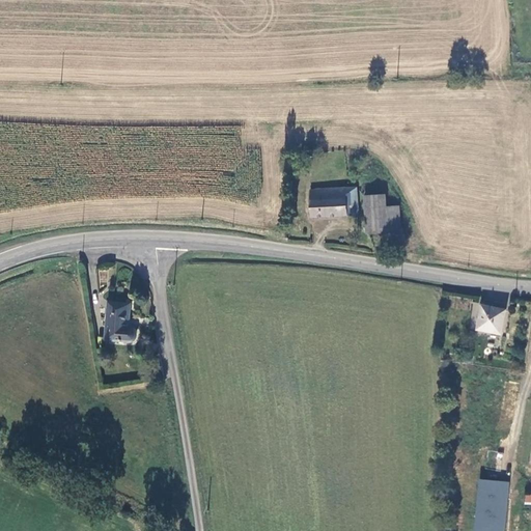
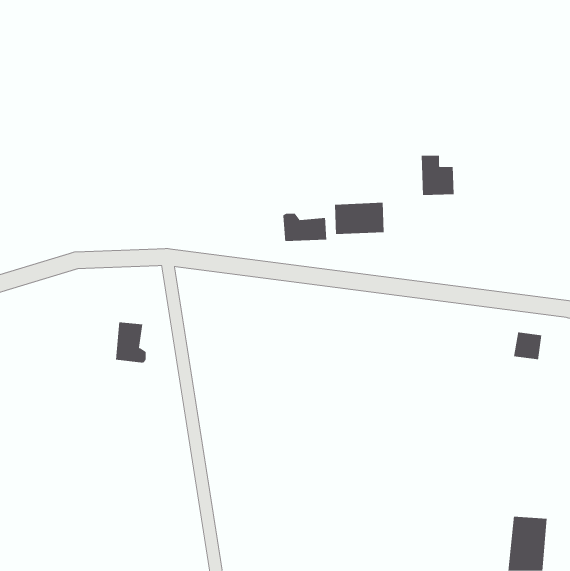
building: [365,196,396,233] -> [421,155,454,196]
building: none -> [283,213,327,242]

